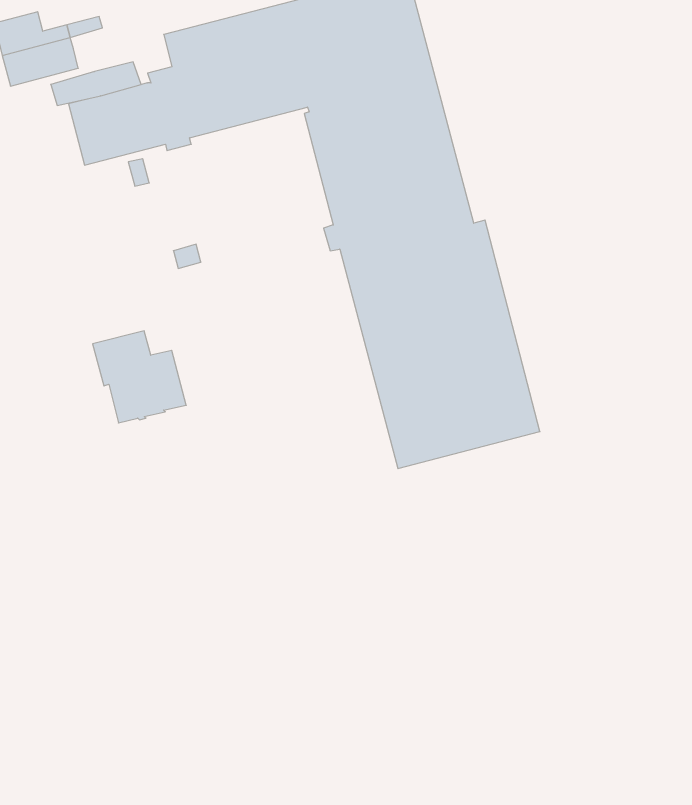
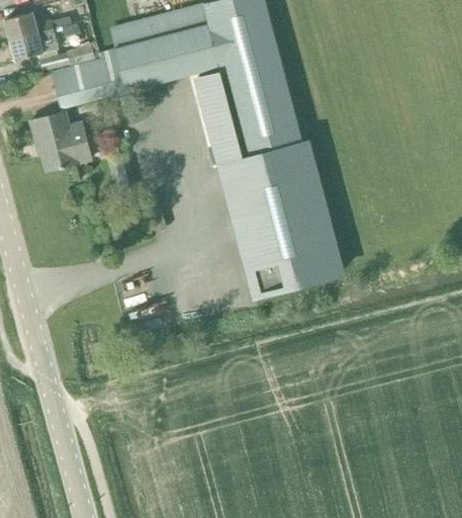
building: [93,331,186,423] -> [29,112,88,170]

